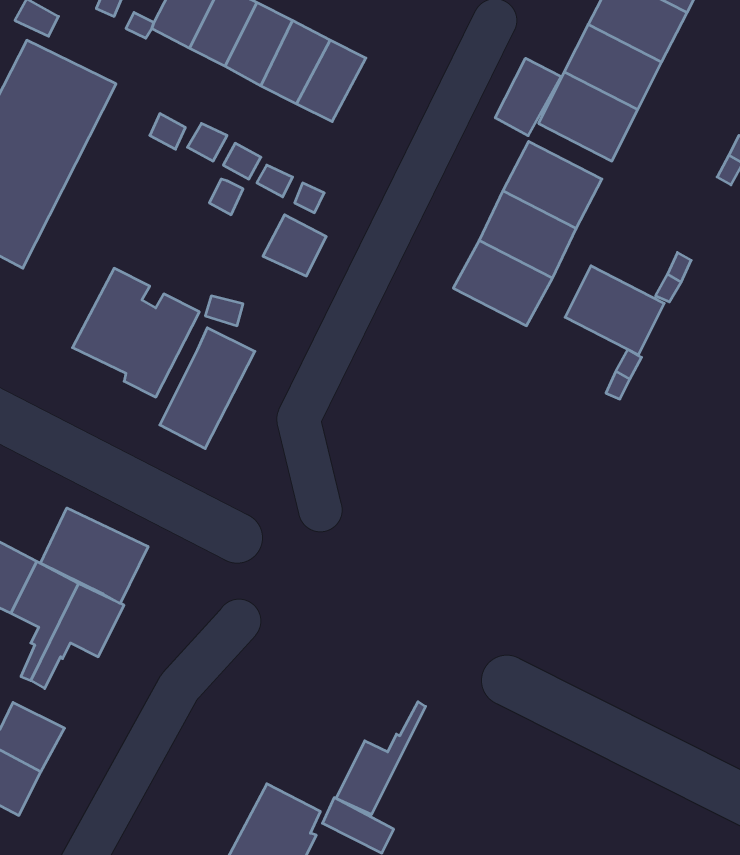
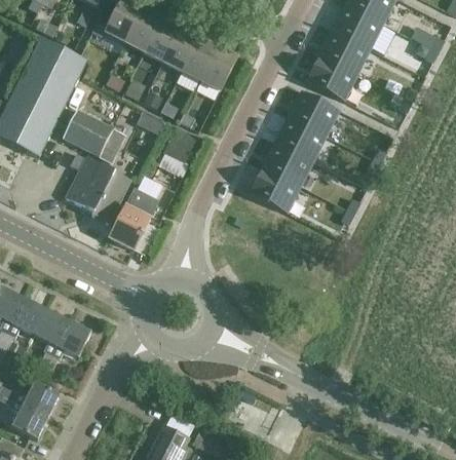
building: none -> [199,46,236,89]
building: [495,58,561,136] -> none
building: none -> [64,109,126,161]
building: [565,266,664,355] -> [249,165,300,212]
building: [41,508,148,603] -> none
building: [336,702,426,815] -> none

